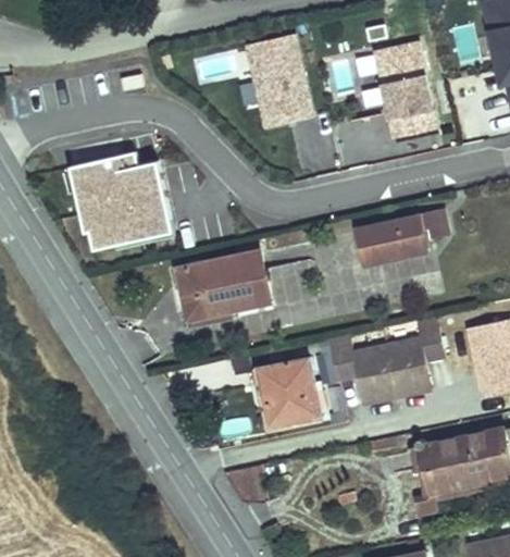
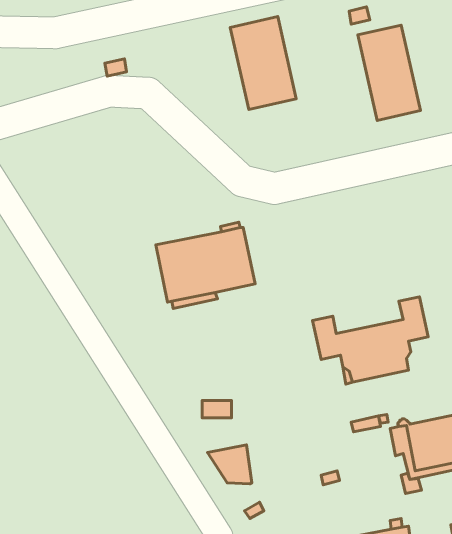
building: [76,152,170,250] -> none
building: [353,208,450,267] -> none
building: [256,356,321,426] -> none

